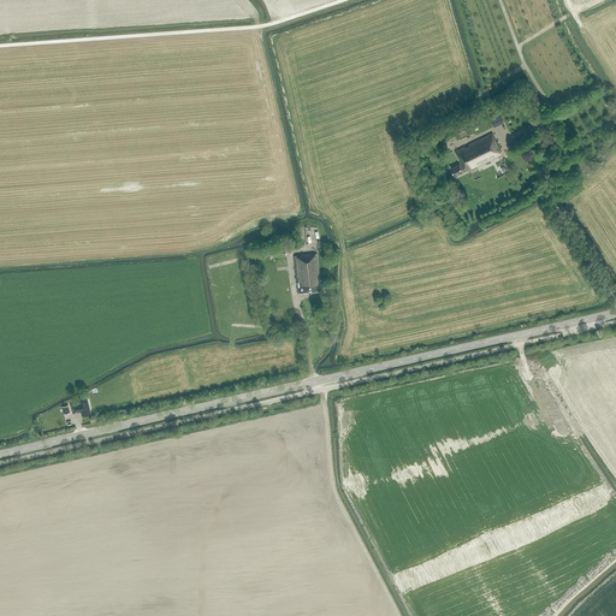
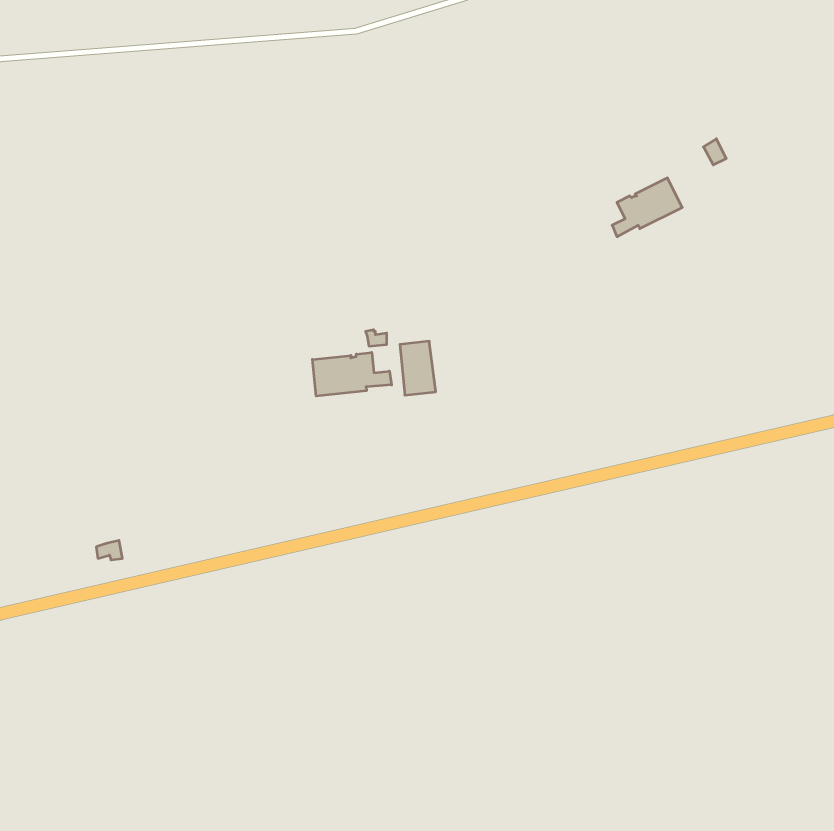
building: none -> [312,352,392,396]

